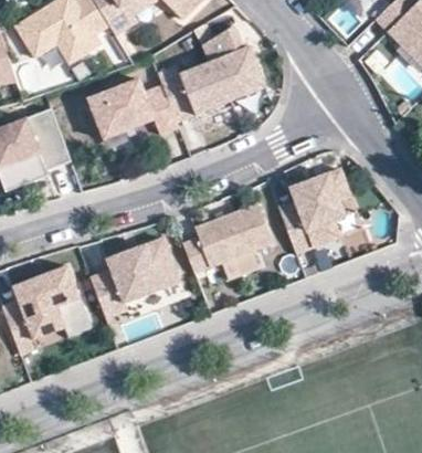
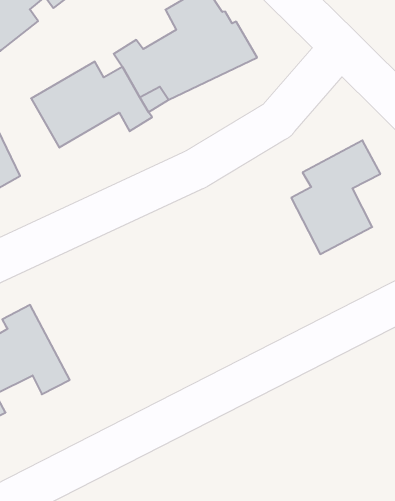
building: [187,199,276,276] -> none
building: [94,233,184,315] -> none

